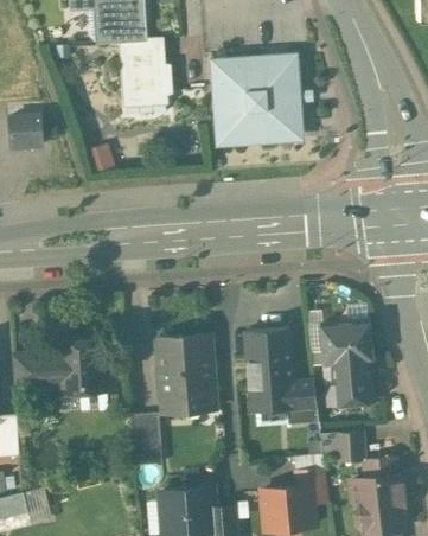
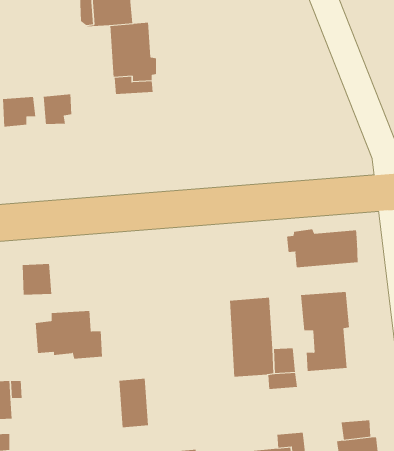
building: [216,60,301,141] -> none
building: none -> [43,93,72,125]
building: none -> [286,229,358,268]
building: [156,336,213,415] -> none
building: [12,356,44,389] -> [22,264,52,295]
building: [337,433,363,464] -> none

